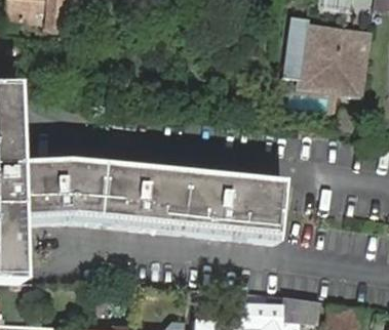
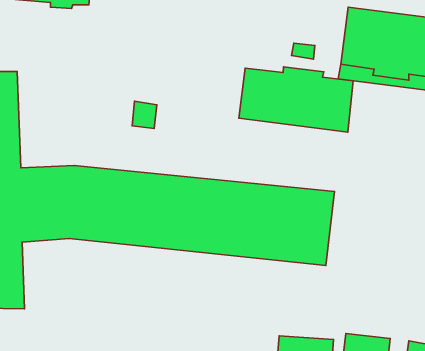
building: none -> [239,67,353,132]

